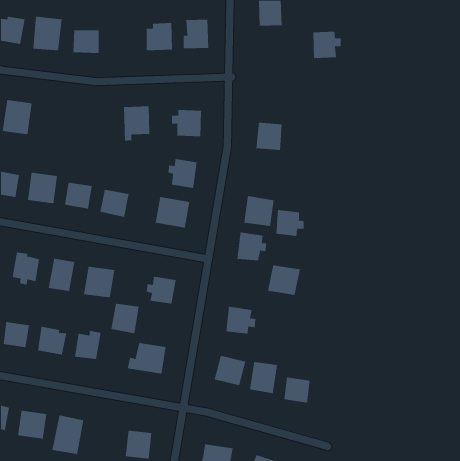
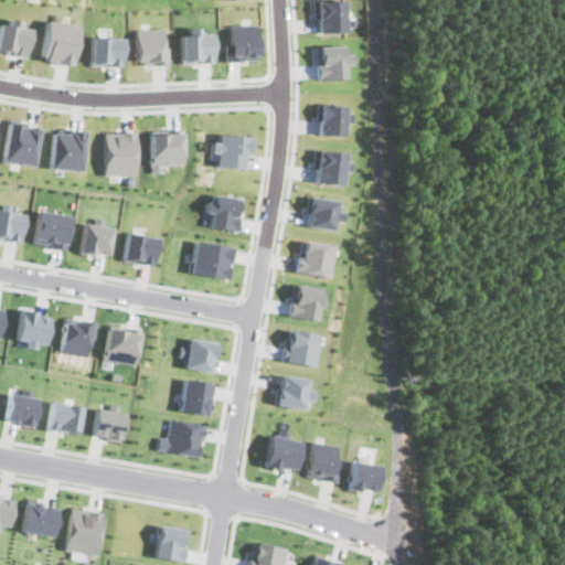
building: none -> [137,30,170,65]
building: [312,31,341,59] -> [317,46,352,79]
building: none -> [319,106,350,136]
building: none -> [53,130,88,171]
building: none -> [107,134,140,177]
building: [275,209,304,237] -> [310,198,345,231]
building: [267,265,301,296] -> [284,330,324,367]
building: [111,303,140,334] -> [181,380,216,417]

